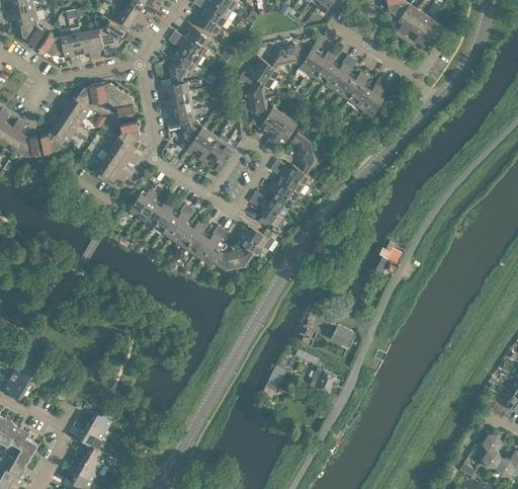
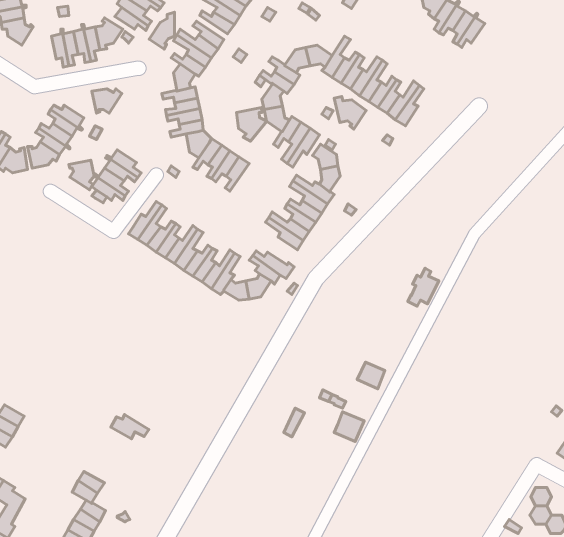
building: none -> [149,12,175,49]
building: [39,31,65,58] -> none
building: [72,85,100,108] -> none
building: [111,87,135,115] -> none
building: none -> [334,97,366,129]
building: none -> [237,108,267,141]
building: [117,121,140,148] -> [69,160,94,190]
building: [89,409,122,430] -> [111,415,149,439]

